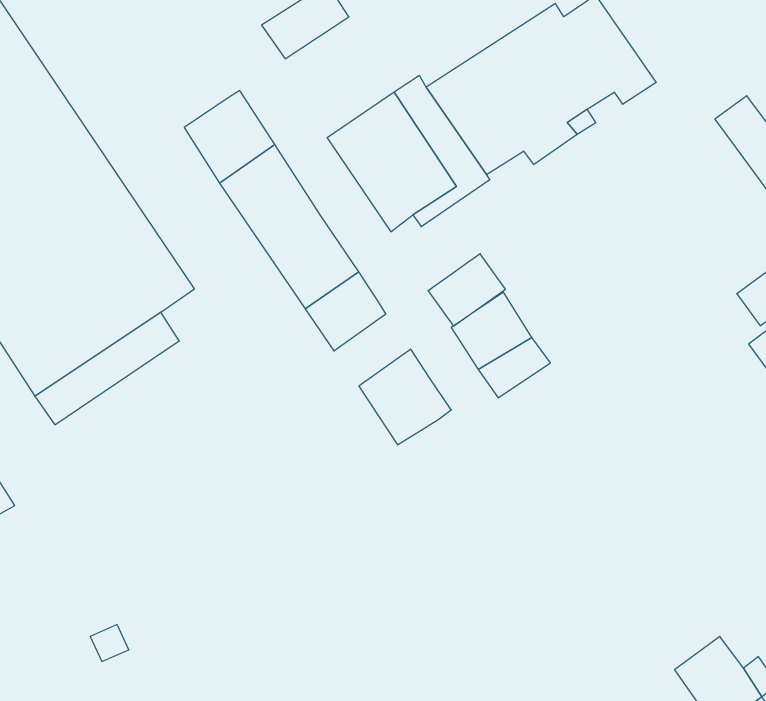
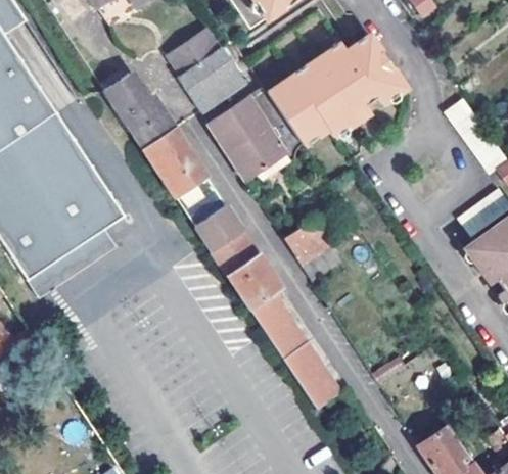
building: none -> [178,48,245,112]
building: none -> [101,74,148,116]
building: [428,254,505,326] -> [211,230,258,274]
building: none -> [249,294,340,408]

